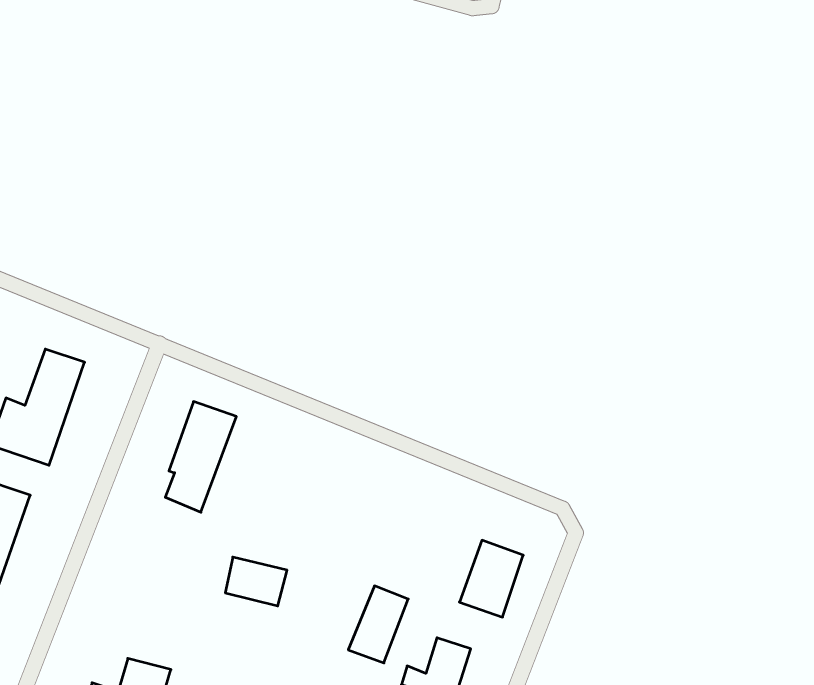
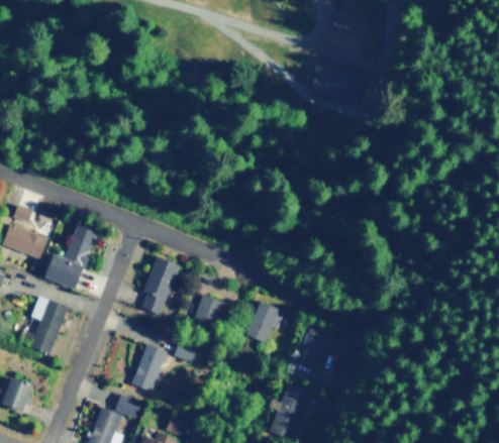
building: none -> [193,295,225,327]
building: none -> [130,344,167,393]
building: [348,586,408,663] -> [245,302,278,343]

